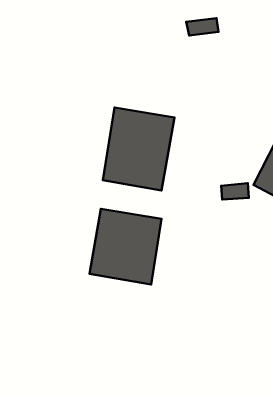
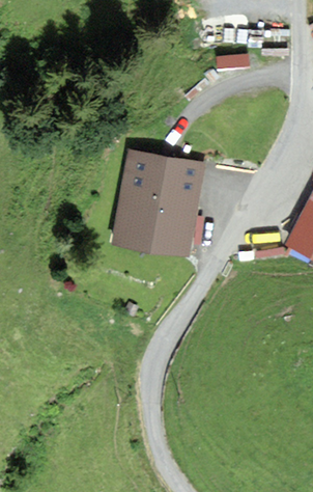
building: [90,209,162,284] -> none

